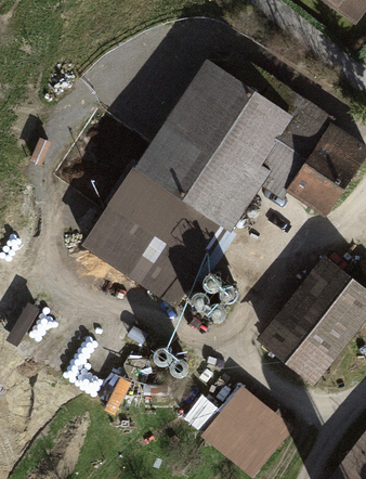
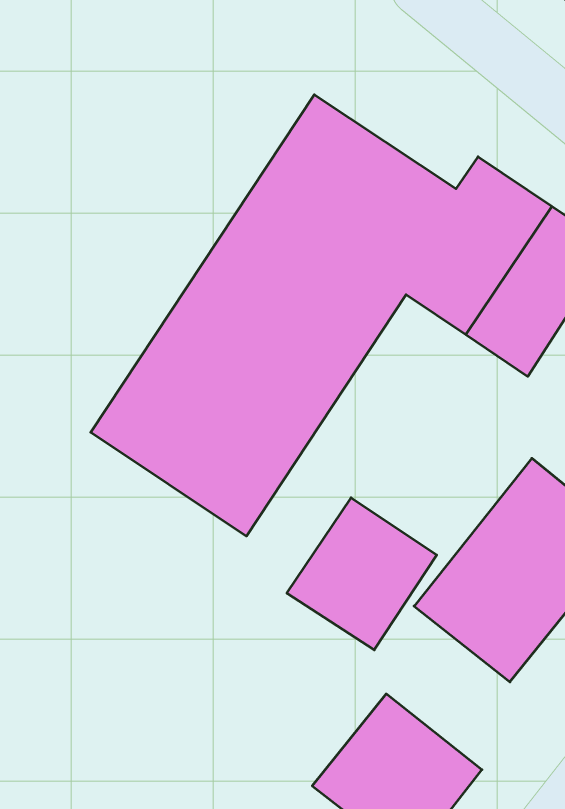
building: none -> [287,498,437,650]

